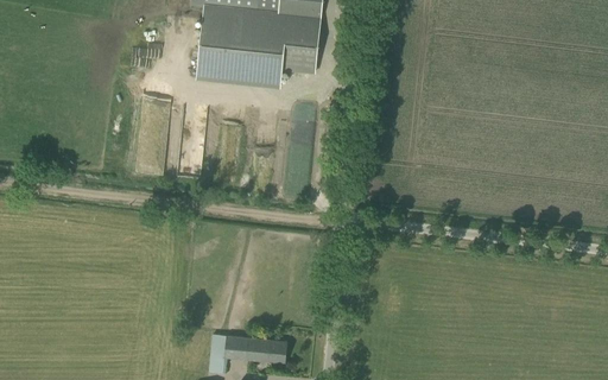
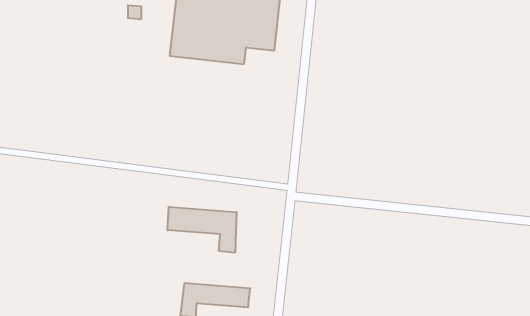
building: none -> [167,207,237,253]

